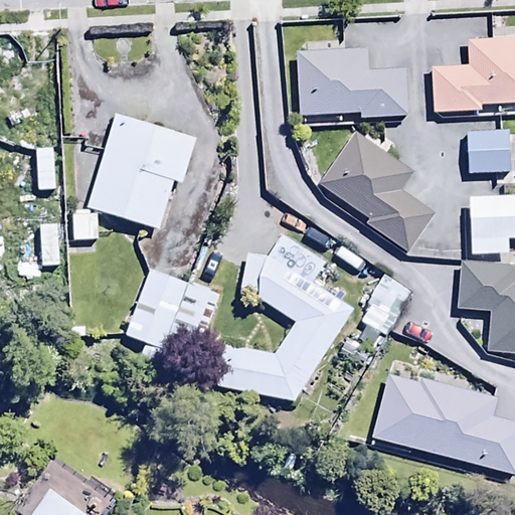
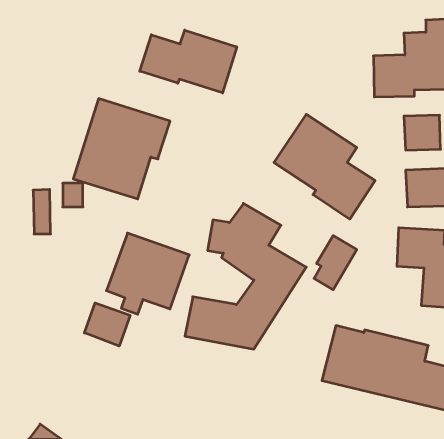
building: none -> [140,30,237,93]
building: [298,36,408,118] -> none
building: none -> [84,303,130,346]

